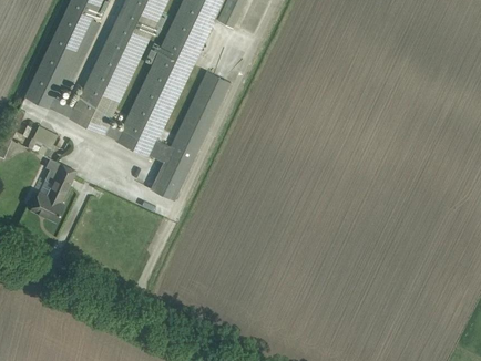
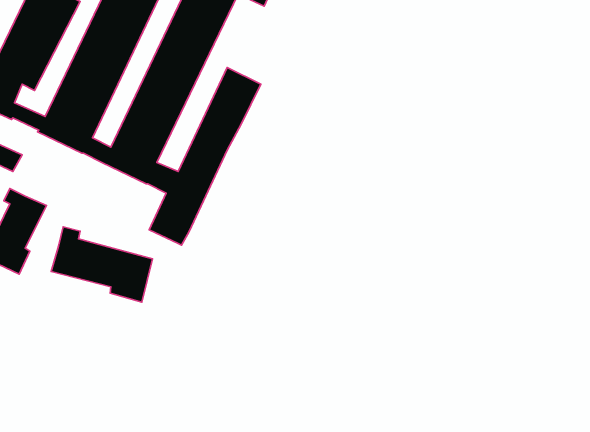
building: none -> [51,227,153,302]

